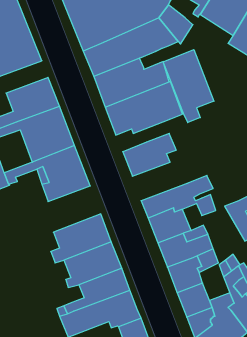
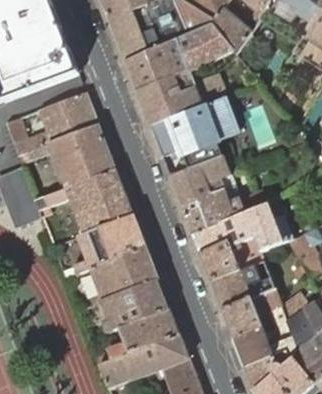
building: [163,50,214,123] -> none
building: none -> [182,188,245,233]
building: none -> [75,216,146,274]

